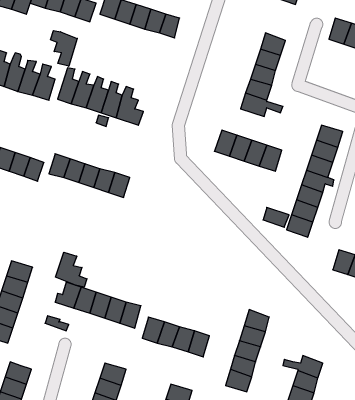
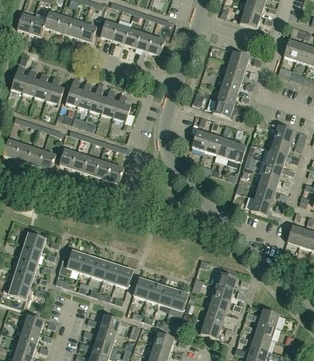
building: [51,31,77,66] -> none
building: [56,252,87,287] -> none

